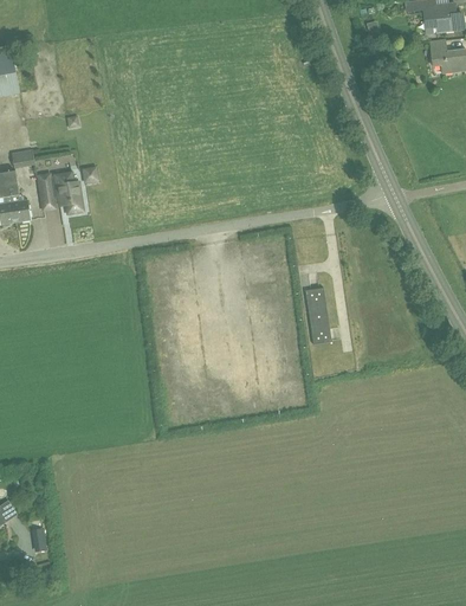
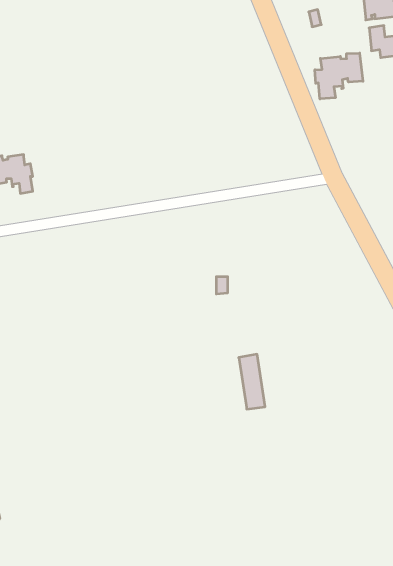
building: none -> [315,53,363,99]
building: [305,285,332,342] -> [239,354,265,409]

